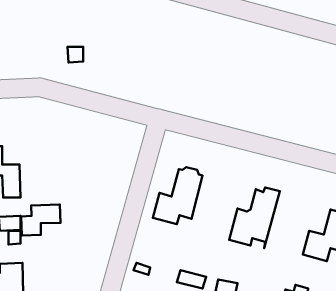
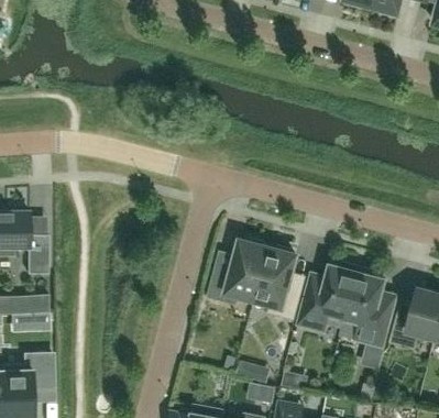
building: none -> [253,245,303,321]
building: none -> [340,266,393,347]
building: [21,204,61,236] -> none

